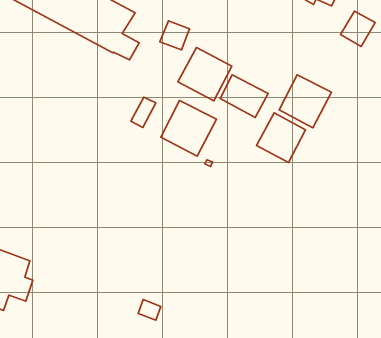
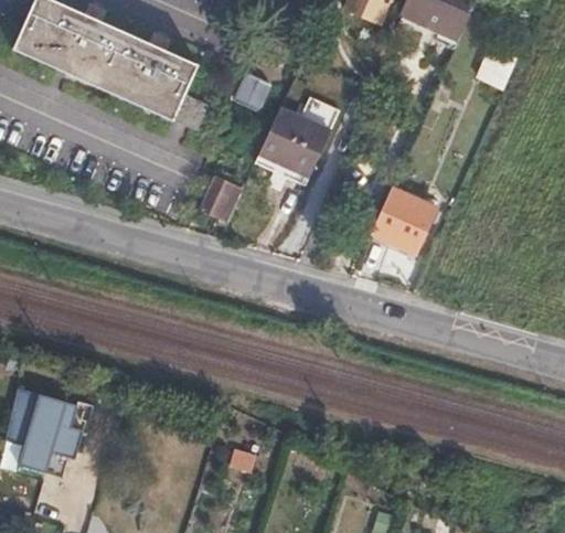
building: [220,75,268,117] -> none
building: [279,75,331,128] -> none
building: [161,101,217,156] -> none

